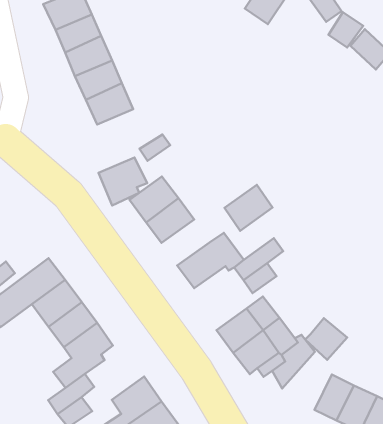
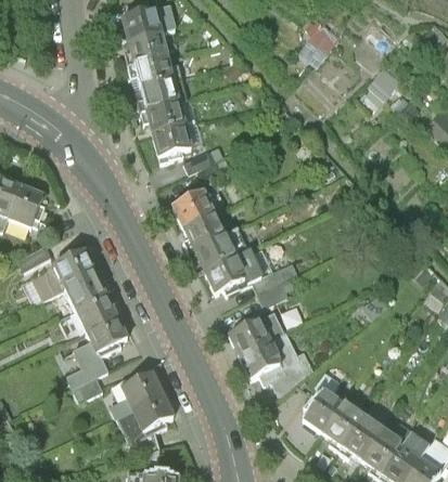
building: [99,158,147,206] -> [149,122,191,162]
building: [225,185,273,231] -> [190,231,233,270]
building: [305,318,347,360] -> none

